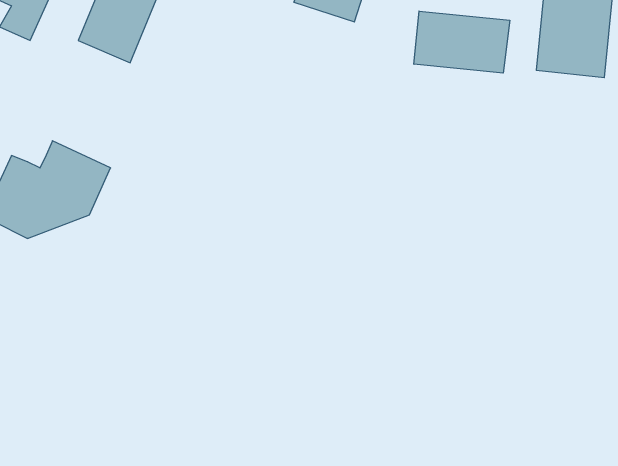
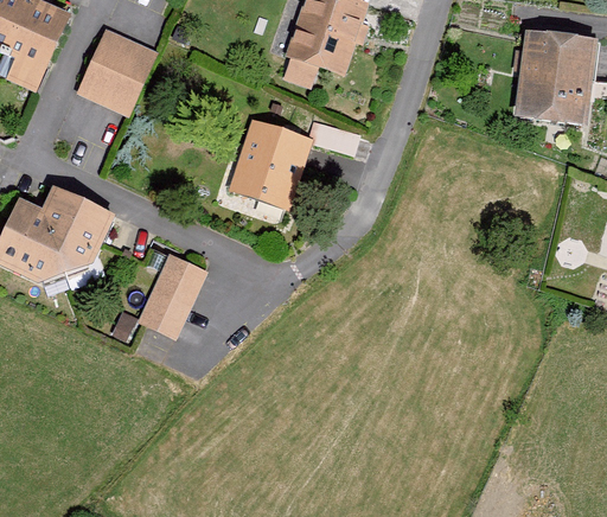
building: [414,11,510,73] -> none
building: none -> [228,119,313,205]
building: none -> [134,253,204,338]

